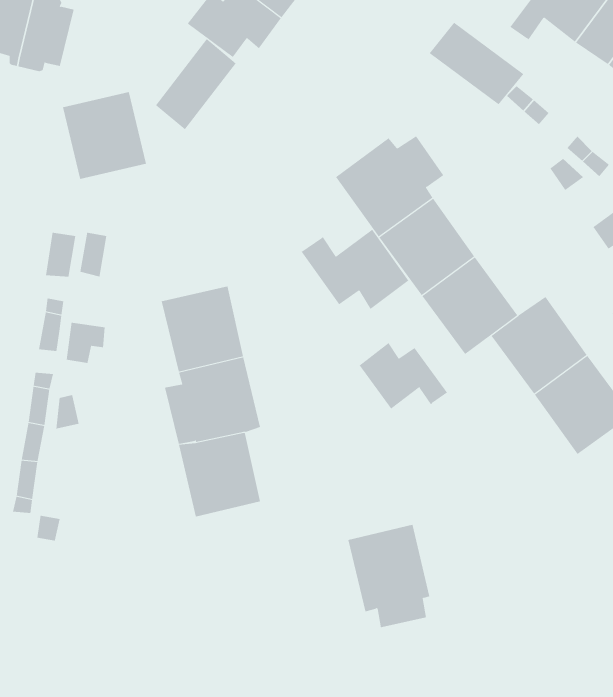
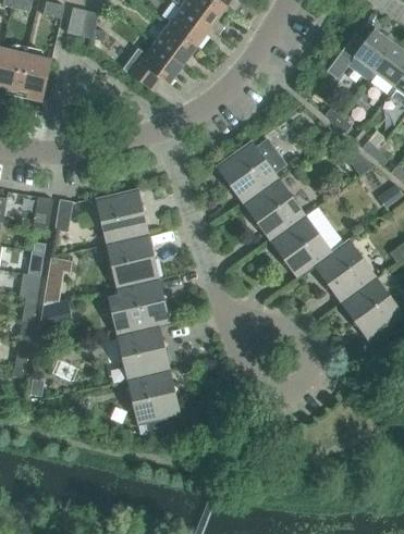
building: [429,22,524,105] -> none
building: [155,38,237,130] -> none
building: [62,92,147,180] -> [95,187,148,243]
building: [301,229,409,310] -> none
building: [359,342,448,409] -> none
building: [347,524,430,628] -> [127,369,180,434]

